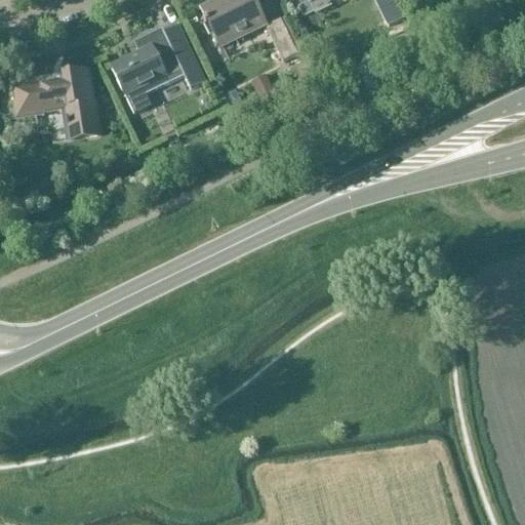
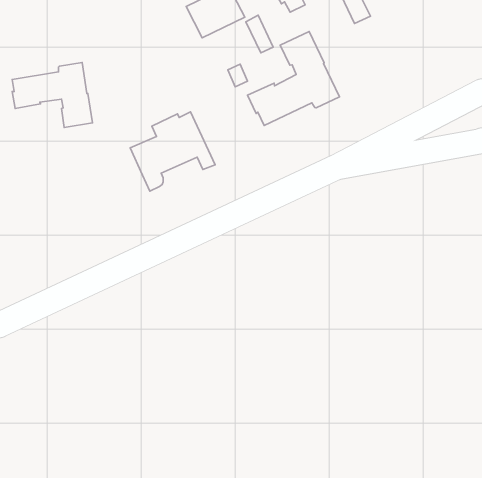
building: [111,25,203,111] -> [130,112,215,191]
building: none -> [247,31,340,125]

